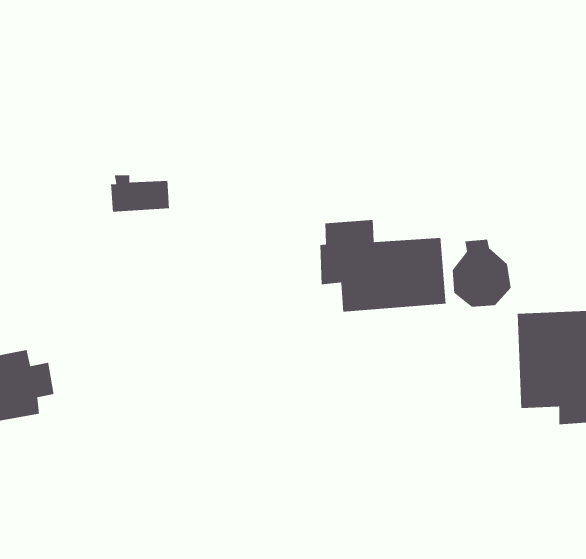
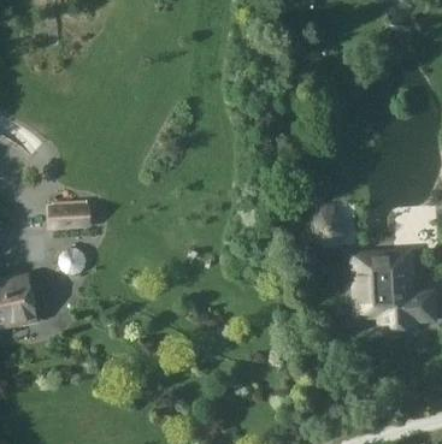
building: [110,175,170,213] -> [51,201,90,226]
building: [319,219,446,313] -> none

